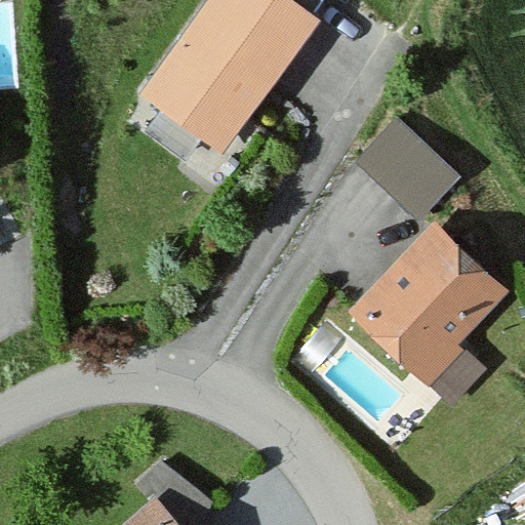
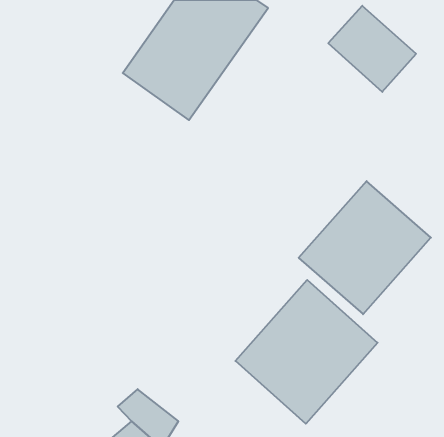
building: [356,120,459,221] -> [328,6,416,92]
building: none -> [235,280,378,424]

